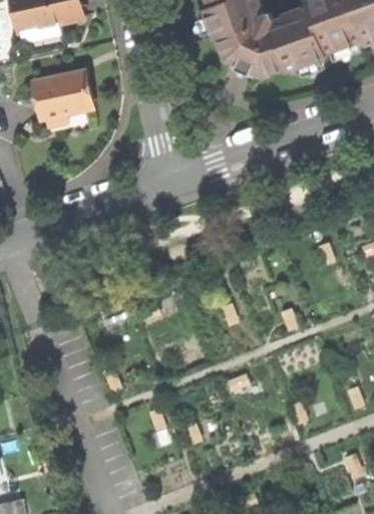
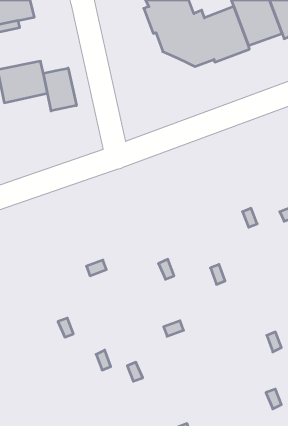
building: none -> [43,68,76,111]

